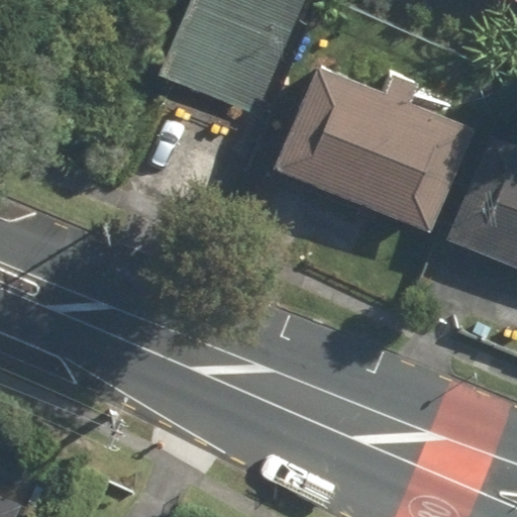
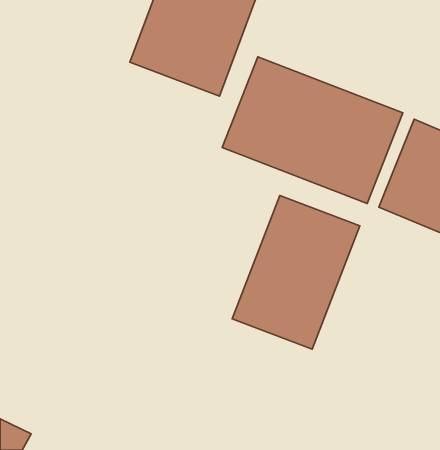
building: none -> [232,195,360,349]

